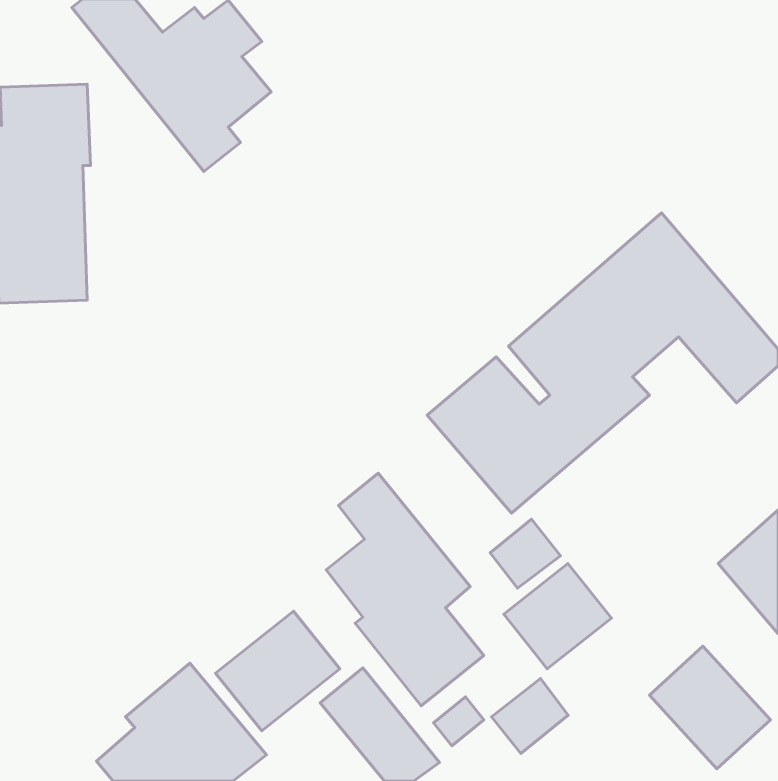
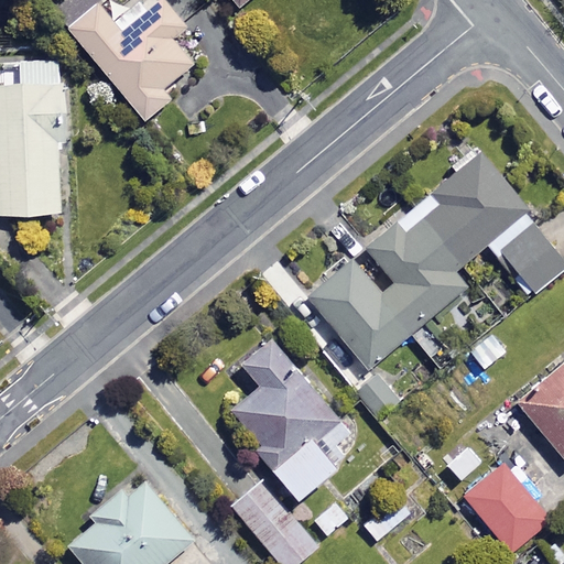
building: [504,564,611,669] -> none
building: [216,611,340,731] -> none

